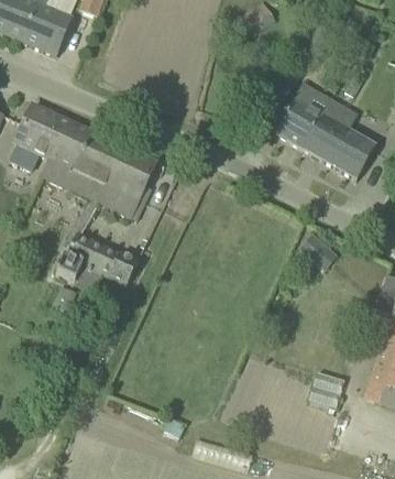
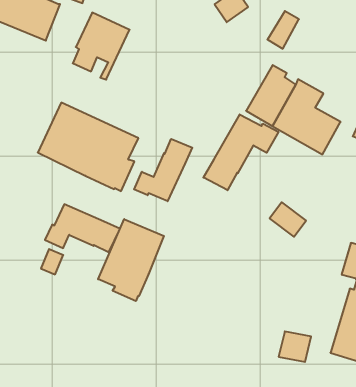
building: [13,105,75,177] -> [73,13,130,80]
building: none -> [203,114,278,190]
building: none -> [134,139,192,201]
building: none -> [98,219,164,301]

